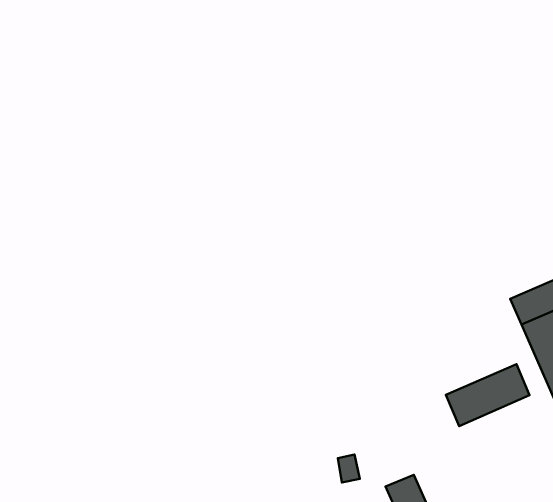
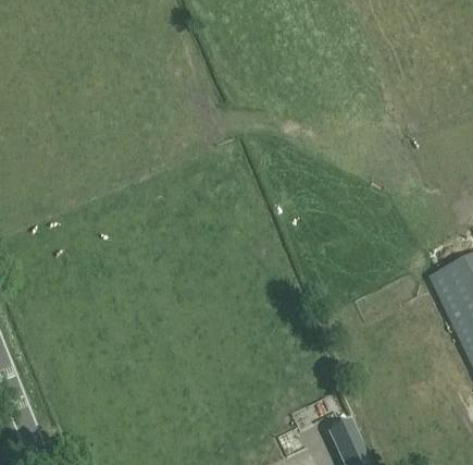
building: [446,364,529,426] -> none

